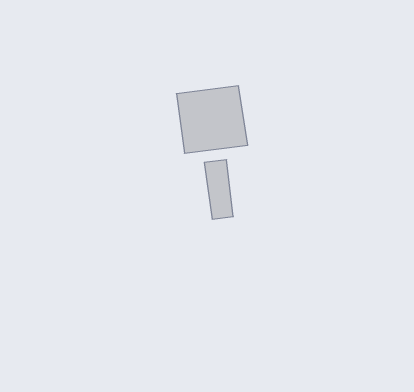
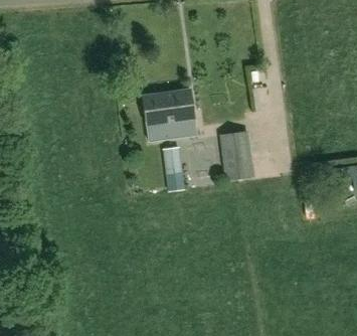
building: none -> [220,132,252,180]

